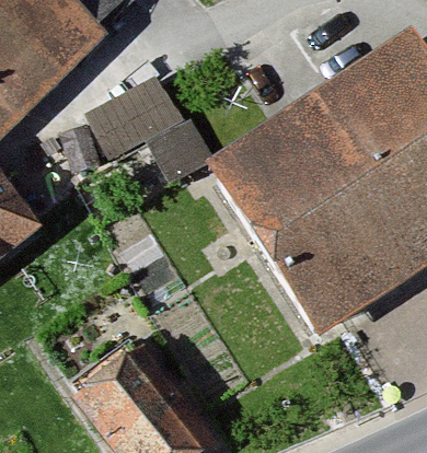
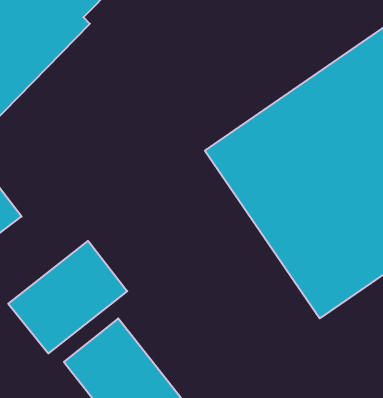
building: [85,76,207,179] -> none
building: none -> [8,241,127,353]

